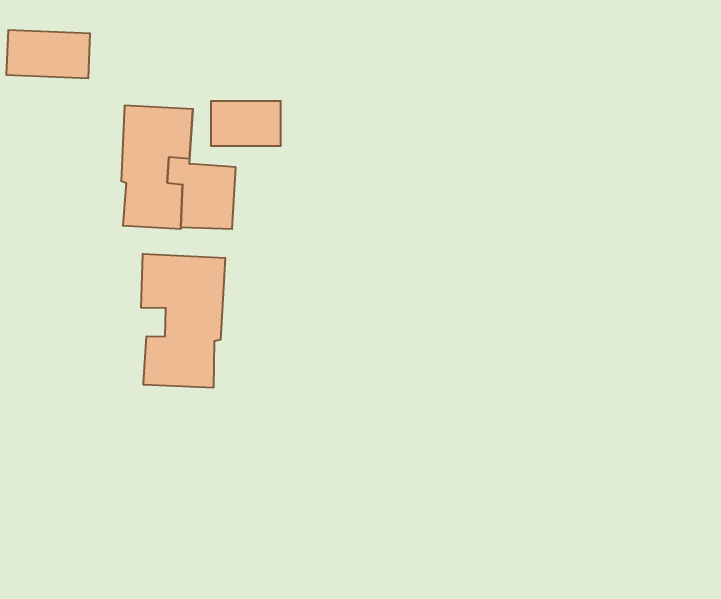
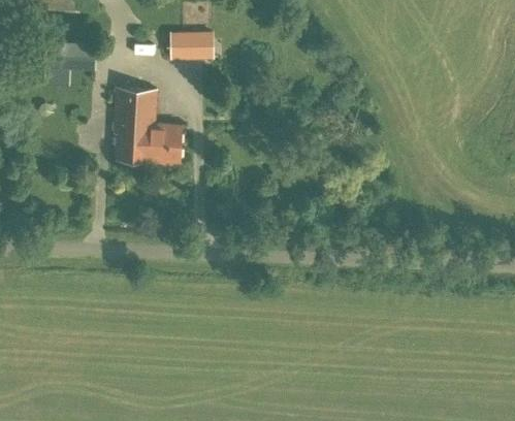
building: [211,101,281,146] -> [170,31,213,58]
building: [141,254,225,388] -> none

